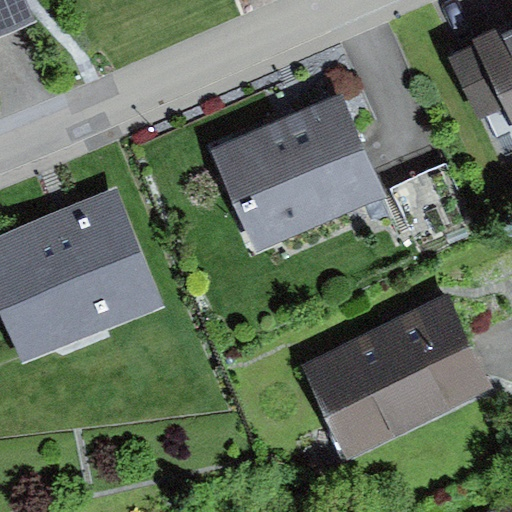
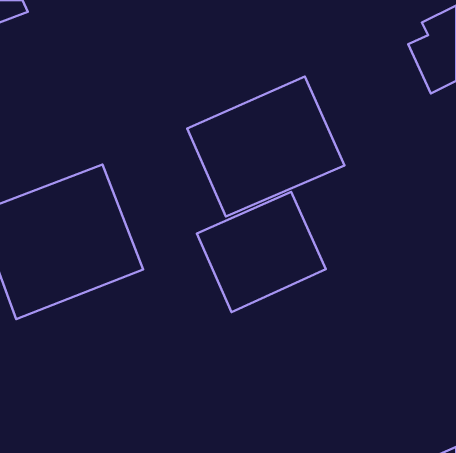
building: none -> [197,192,326,312]
building: [316,301,495,461] -> none

